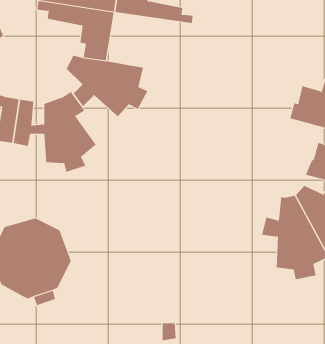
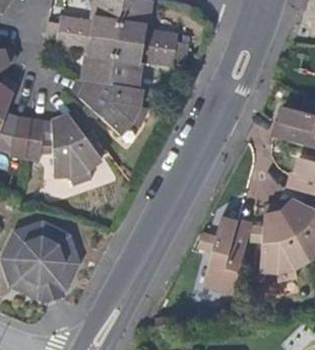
building: none -> [108,40,185,87]
building: none -> [197,218,251,287]

